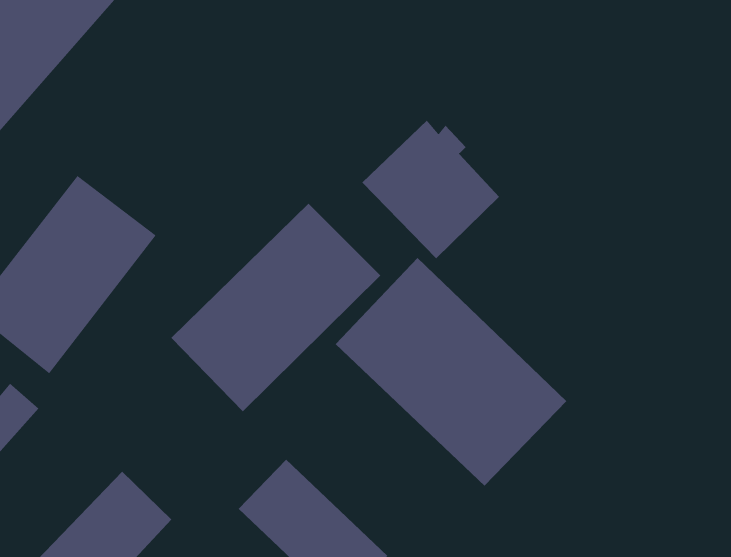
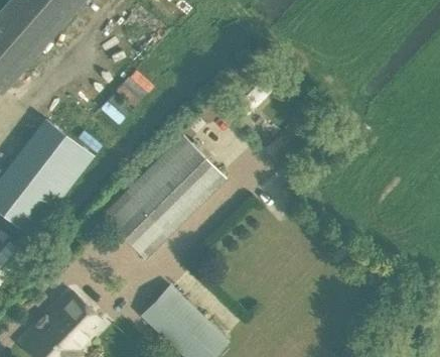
building: [361,120,500,259] -> none
building: [335,257,567,486] -> none

